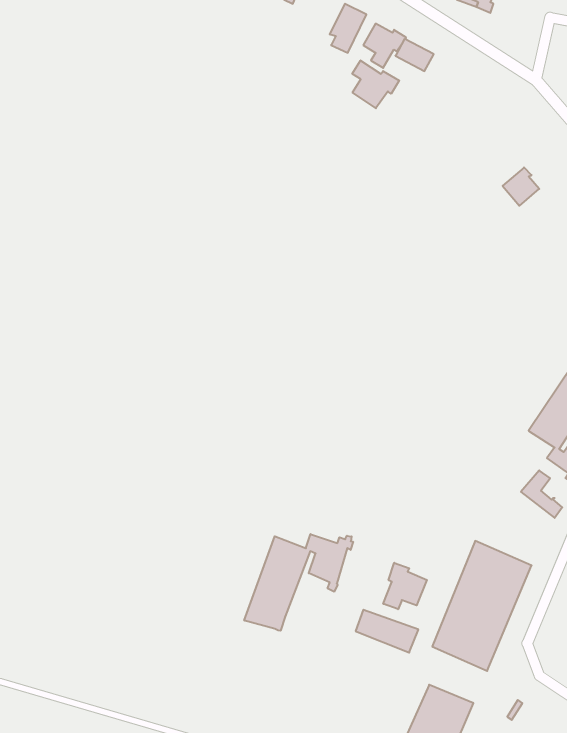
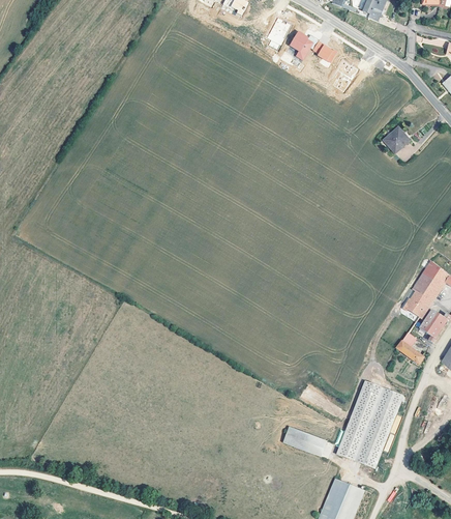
building: [352,60,399,108] -> none
building: [244,534,353,631] -> none
building: [383,563,427,609] -> none

